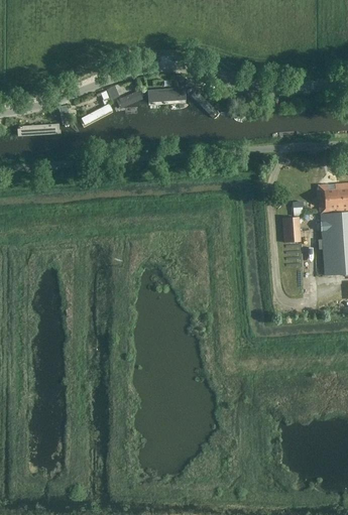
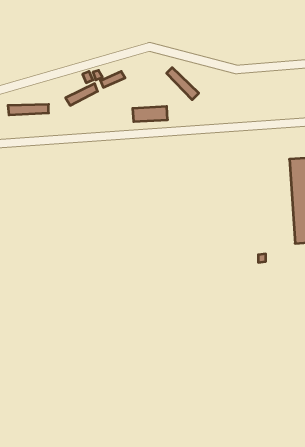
building: [149,88,187,104] -> [133,106,168,122]
building: [282,216,301,242] -> none

